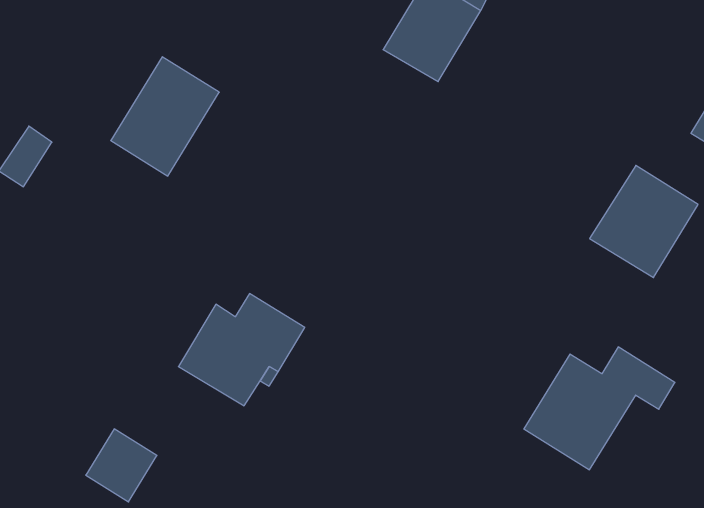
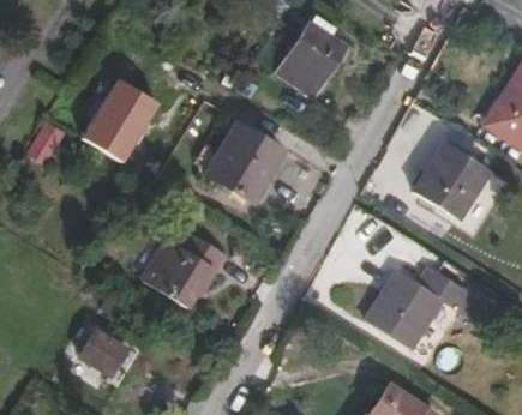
building: none -> [203,126,280,206]

